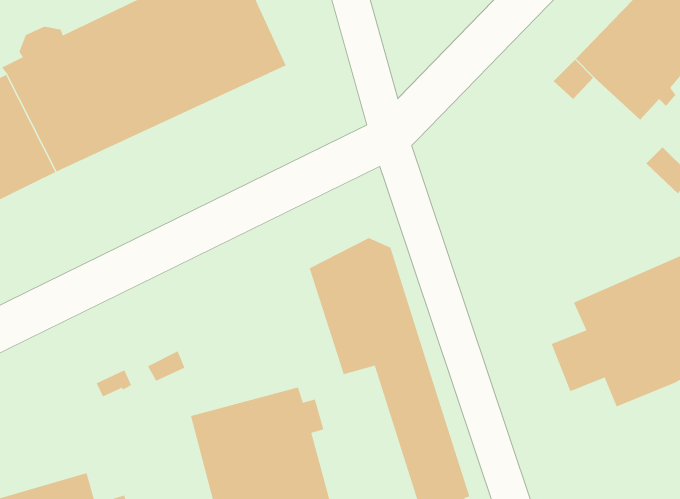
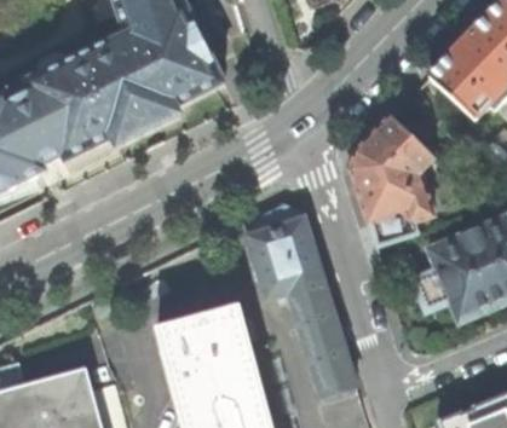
building: none -> [353,116,436,245]

